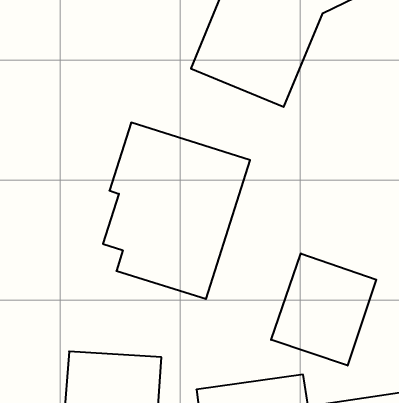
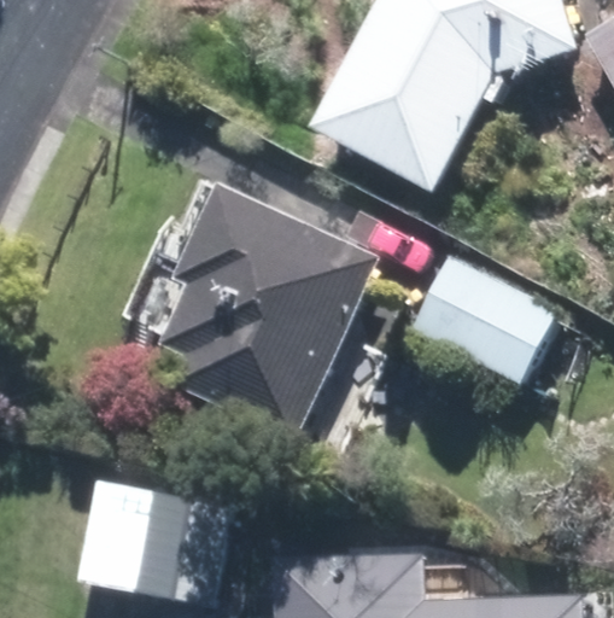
building: none -> [415,258,551,380]
building: [271,253,376,366] -> none

